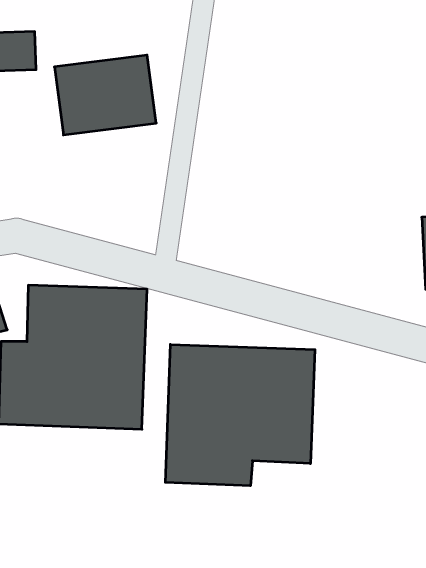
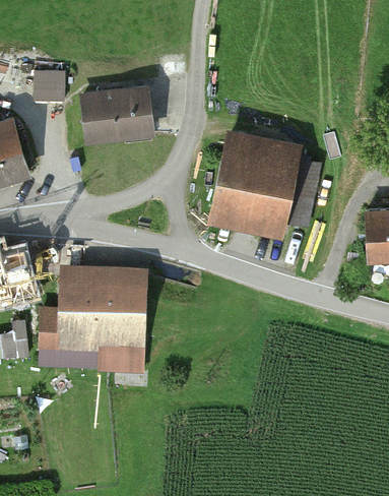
building: none -> [205,127,320,239]
building: [165,344,315,486] -> none

